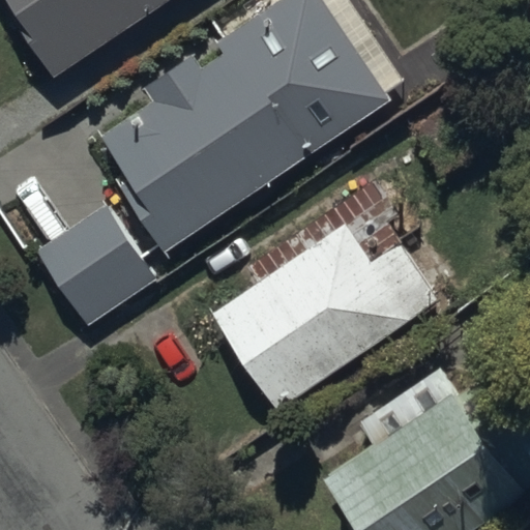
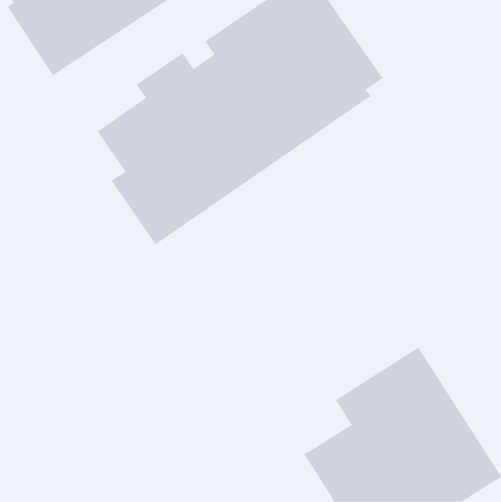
building: [32,204,156,328] -> none
building: [209,224,437,412] -> none

